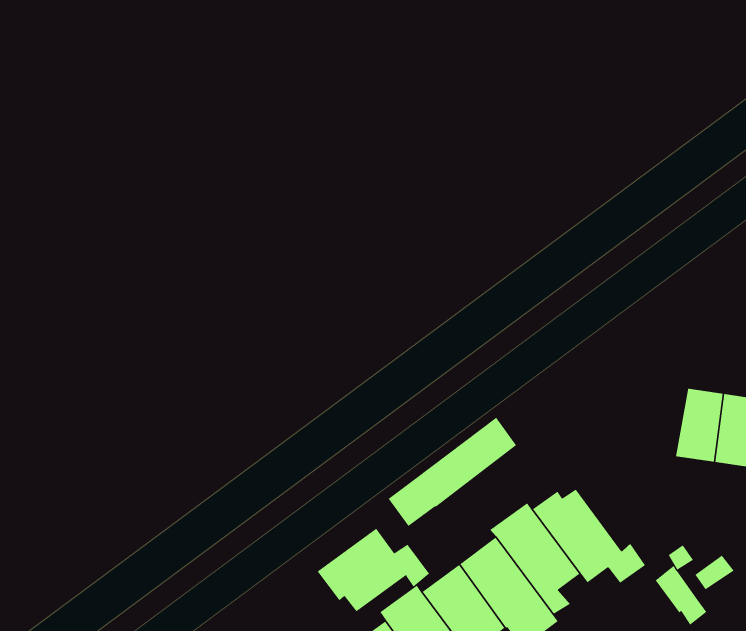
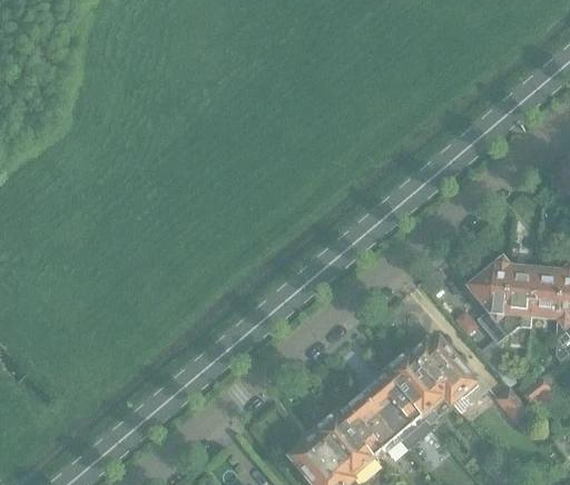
building: none -> [468,257,510,362]
building: [388,417,517,527] -> none
building: [317,528,430,612] -> none

